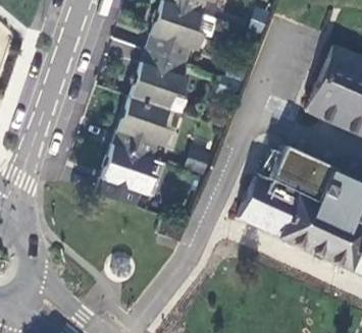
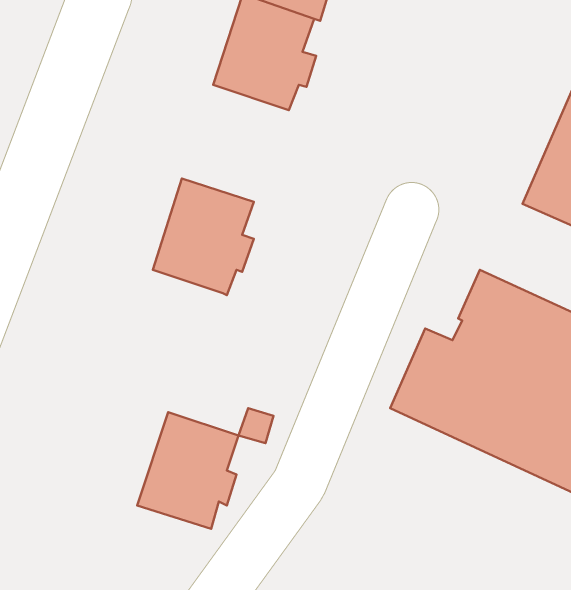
building: [130,48,186,109] -> none
building: [98,145,151,206] -> [137,412,238,529]

